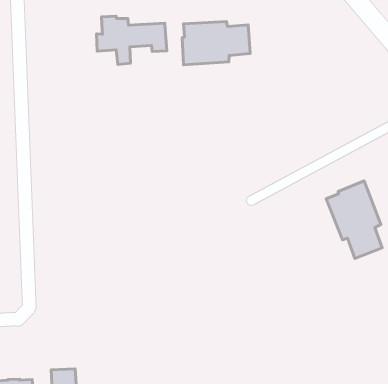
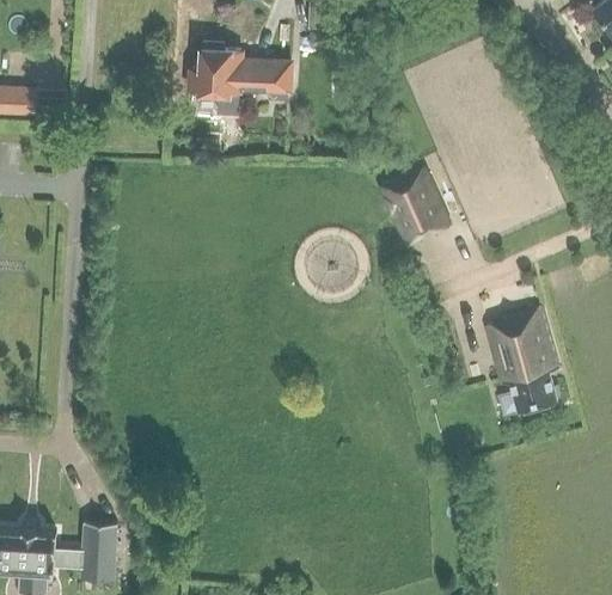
building: [182,22,250,65] -> none
building: none -> [380,168,449,244]

